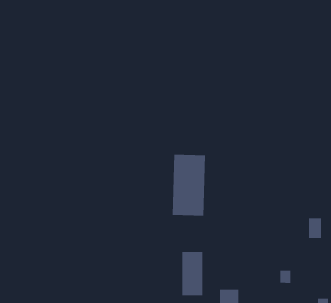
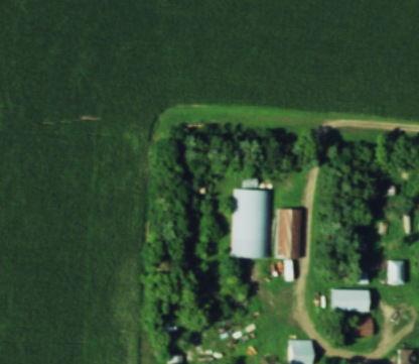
building: none -> [330,289,365,310]
building: [182,252,203,296] -> [276,209,300,258]

